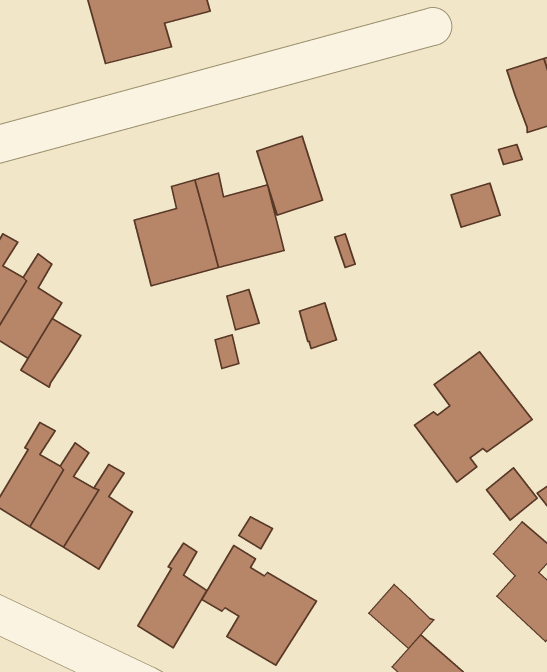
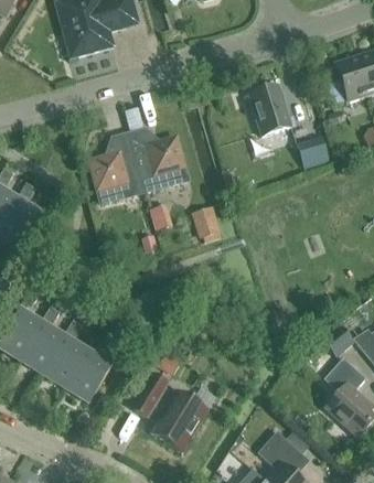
building: [257,136,323,215] -> [248,83,291,135]
building: [21,319,81,387] -> none
building: [415,352,532,482] -> none
building: [138,543,207,648] -> [66,333,111,401]
building: [369,584,434,648] -> none

